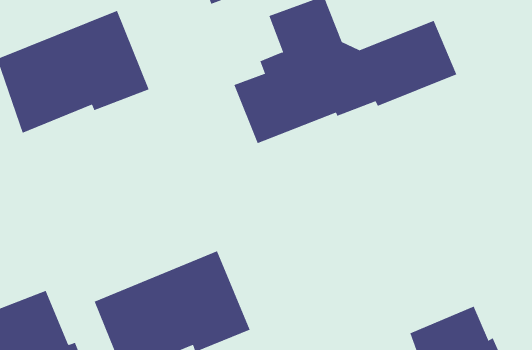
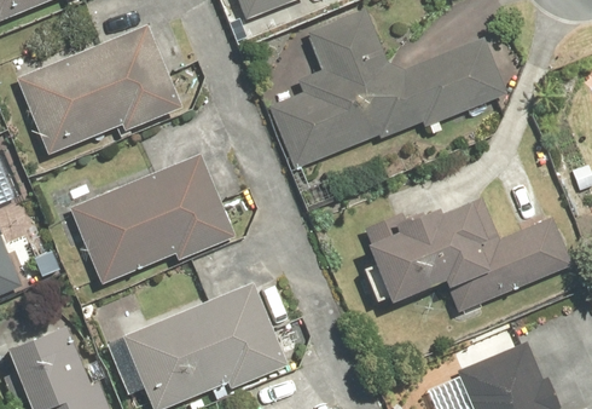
building: none -> [69,155,234,284]
building: none -> [361,197,570,312]

